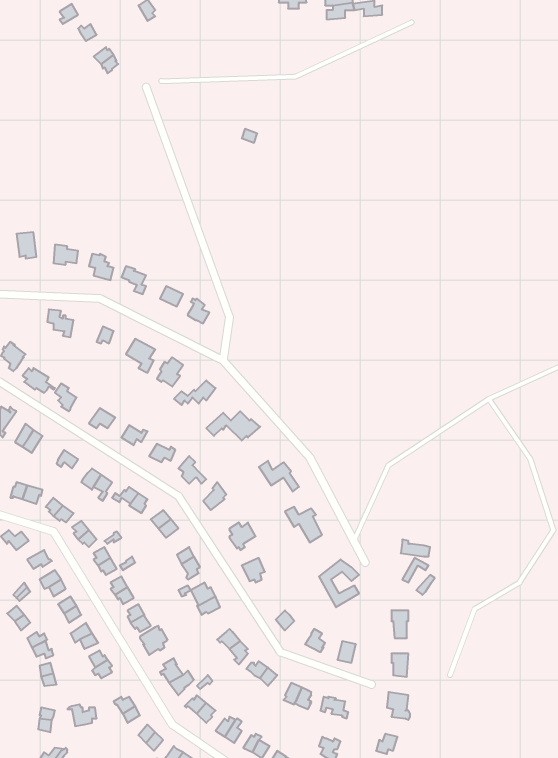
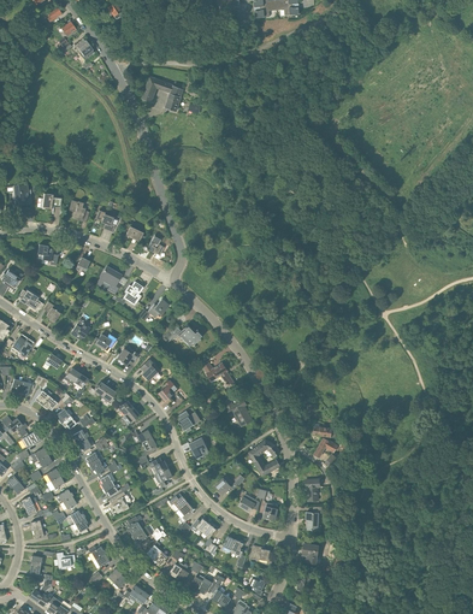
building: none -> [142,76,183,110]

